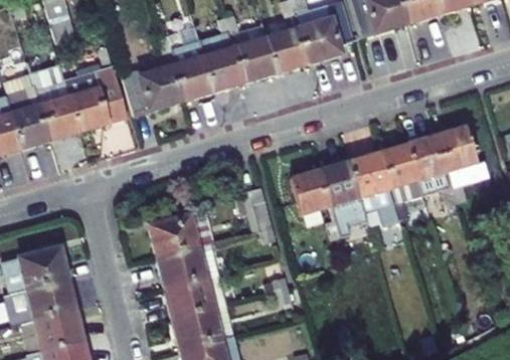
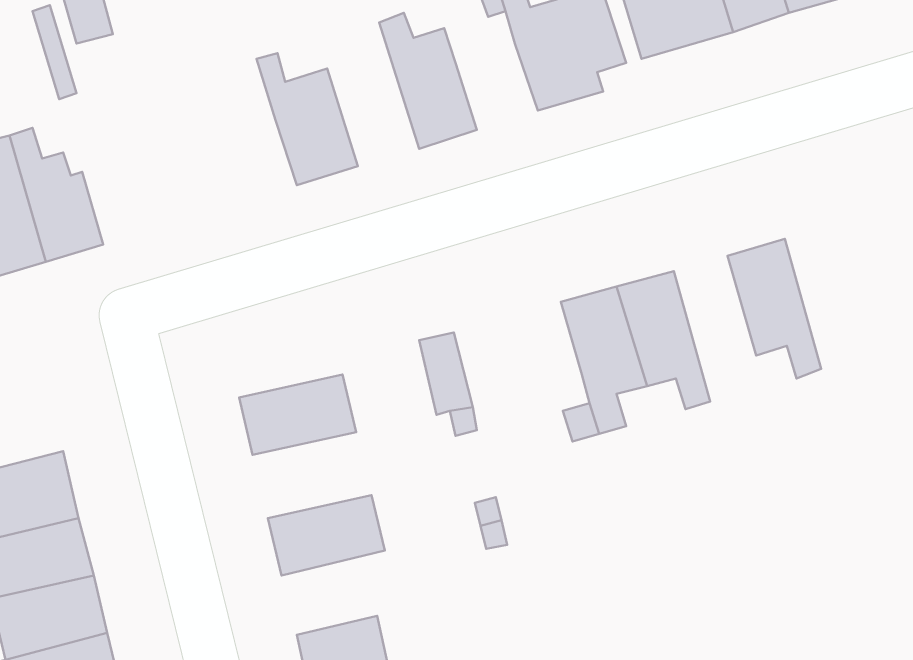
building: [196,20,244,96] -> none
building: [264,31,307,76] -> none
building: [121,71,180,121] -> none
building: [63,72,125,137] -> none
building: [437,126,486,202] -> none
building: [378,143,421,219] -> none
building: [294,167,330,213] -> none
building: [157,235,219,281] -> none
building: [172,298,234,342] -> none

